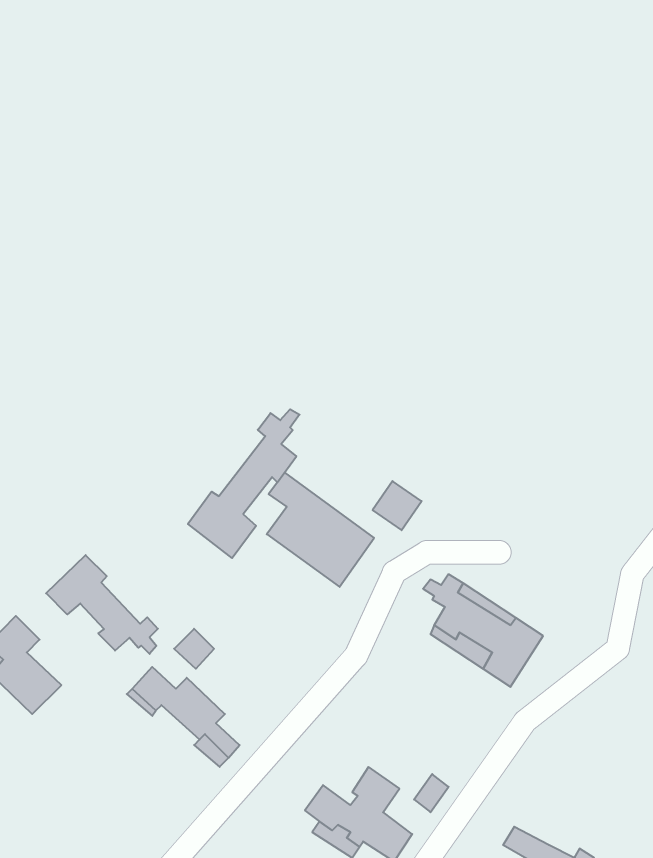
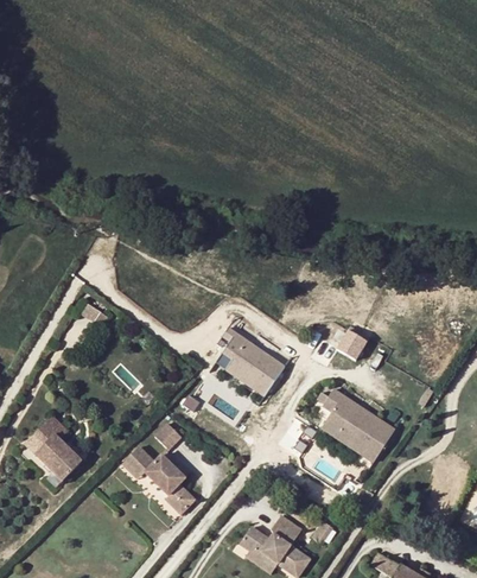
building: [188,409,300,558] -> none
building: [373,481,422,530] -> [333,328,365,360]
building: [46,555,158,654] -> none

